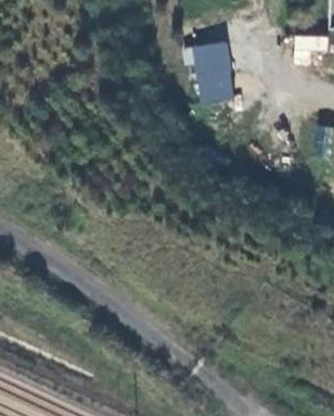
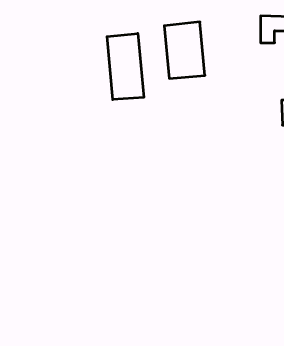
building: none -> [107,33,144,100]

